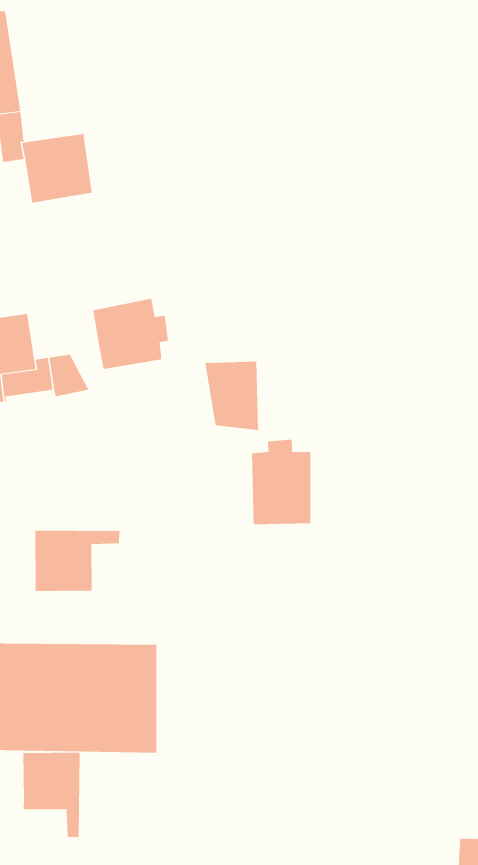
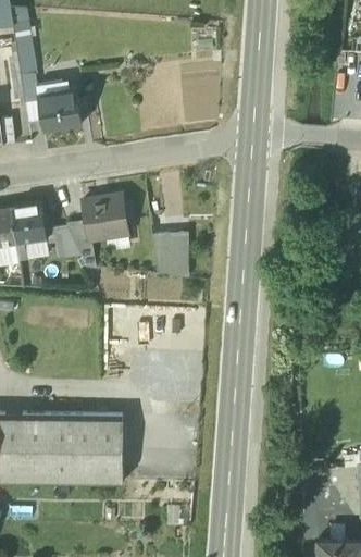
building: none -> [67,220,95,267]
building: [251,439,311,525] -> none
building: [35,530,120,592] -> none
building: [23,752,80,838] -> none

